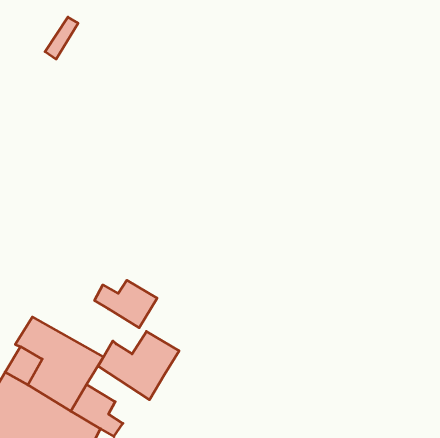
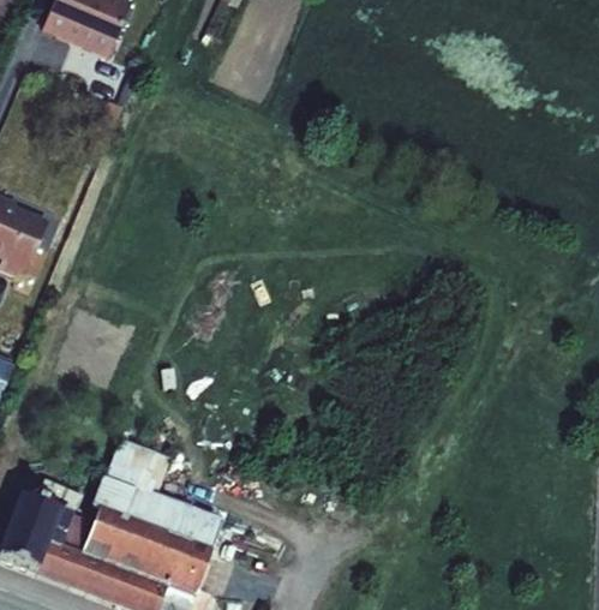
building: [95,280,157,328] -> none
building: [98,331,179,400] -> none

